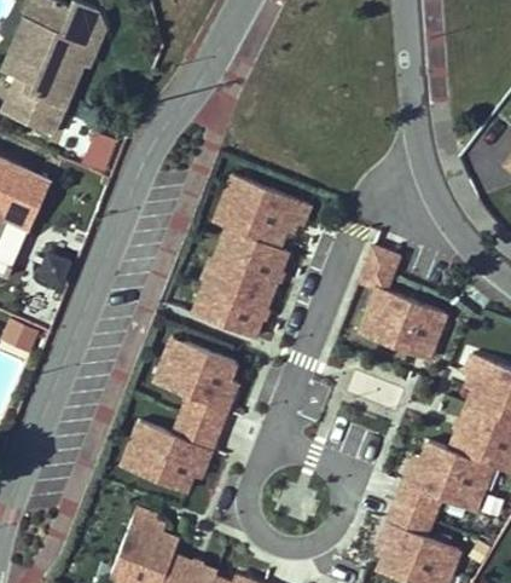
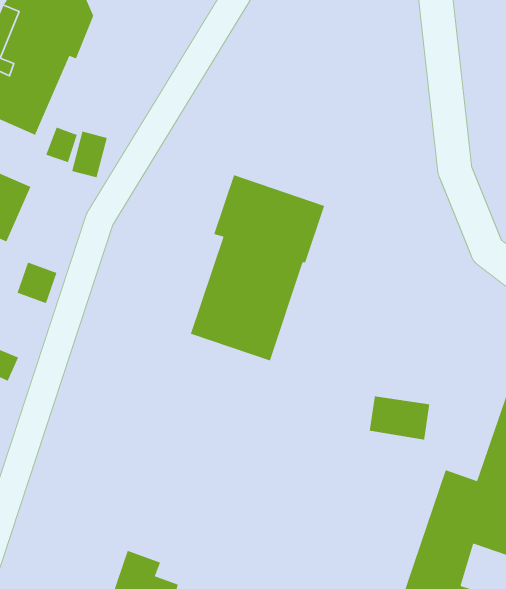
building: [355,243,449,357] -> none
building: [120,336,242,493] -> none

